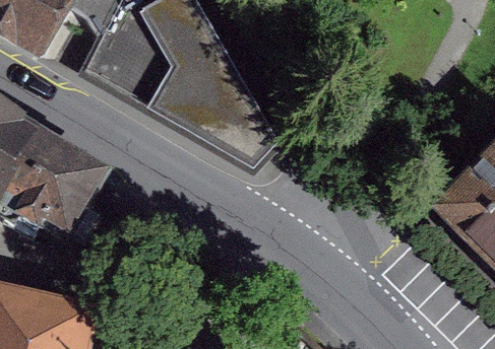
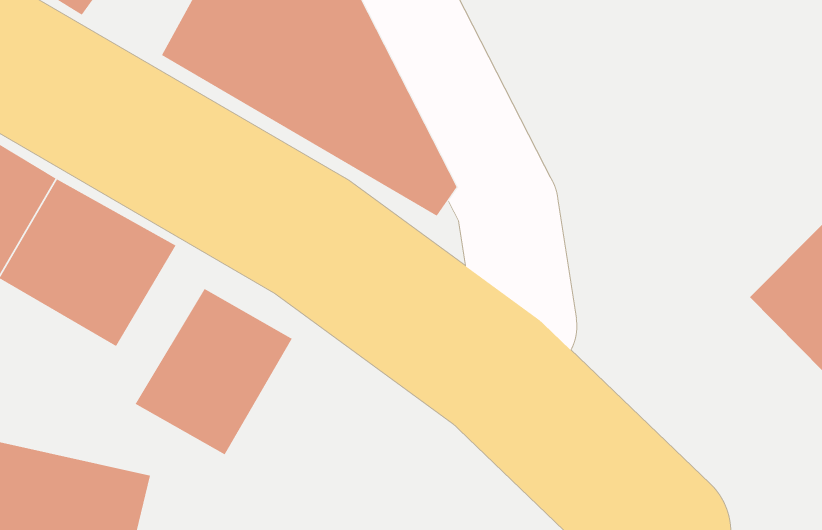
building: none -> [135,288,292,455]

